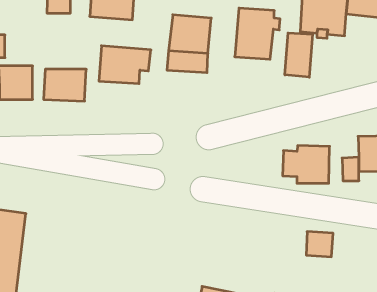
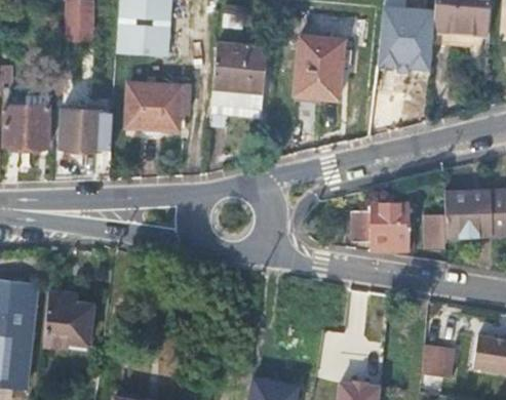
building: [285,33,313,77] -> none
building: none -> [45,293,94,350]
building: [306,232,333,257] -> [423,344,456,374]

